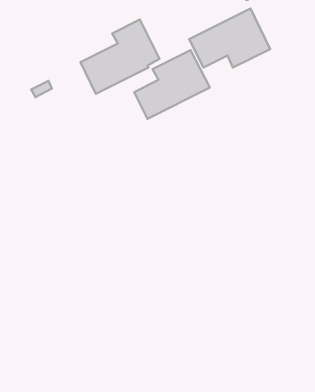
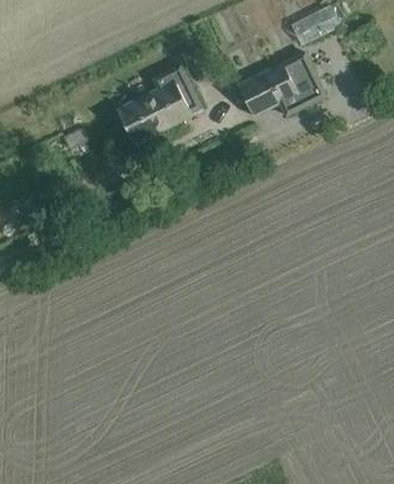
building: [134,50,210,119] -> none

